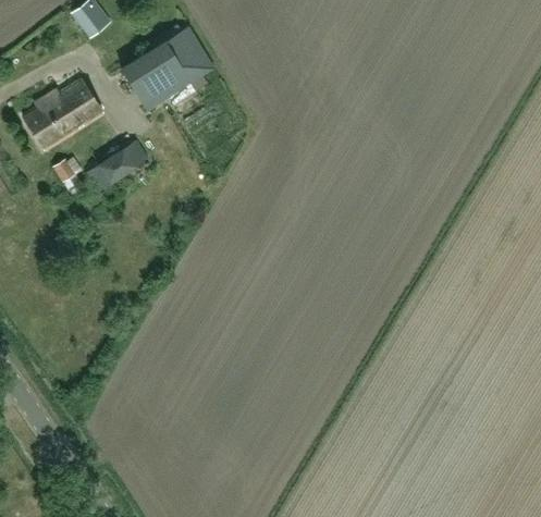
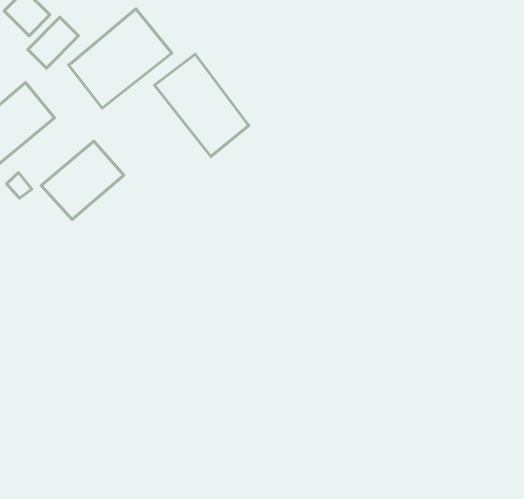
building: none -> [28,17,79,68]
building: none -> [154,54,249,156]

